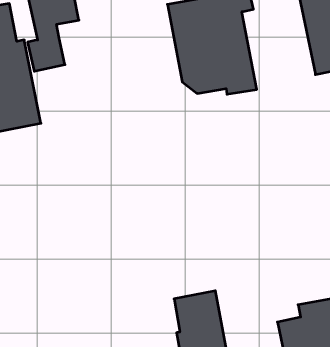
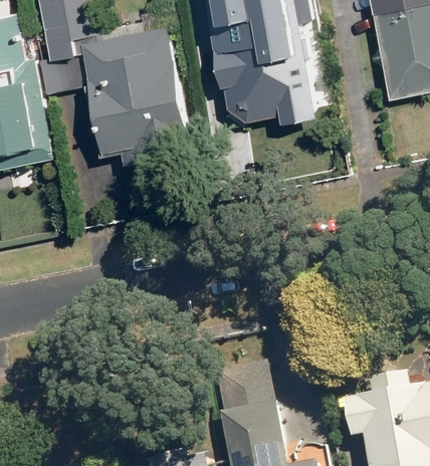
building: none -> [82,25,192,164]

